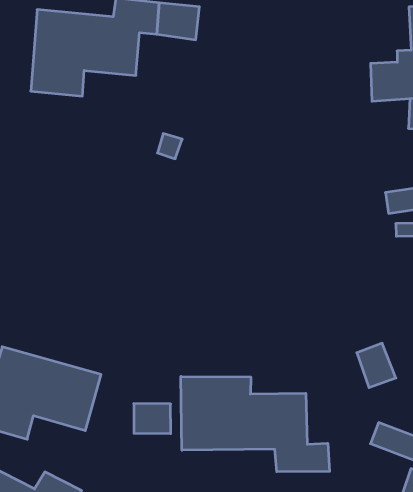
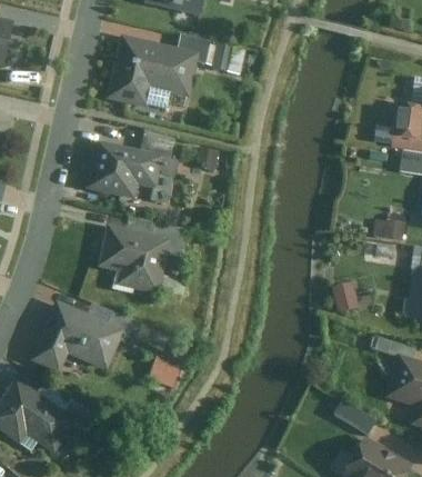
building: none -> [87,136,168,198]
building: none -> [97,222,172,292]
building: [357,343,396,388] -> [332,281,360,315]
building: [181,376,330,472] -> none

